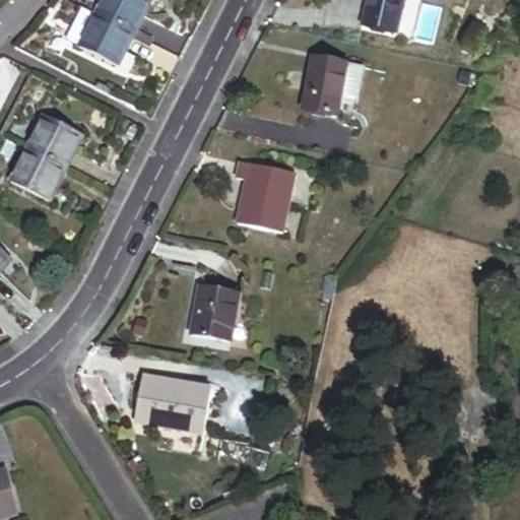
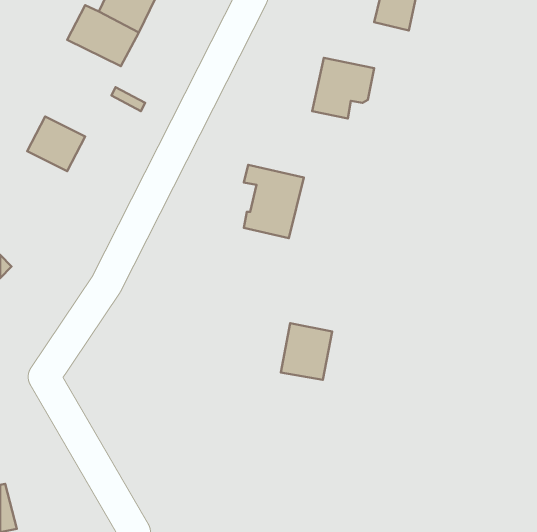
building: [10,146,65,199] -> none
building: [189,284,239,339] -> [281,323,332,380]
building: [135,376,211,432] -> none

